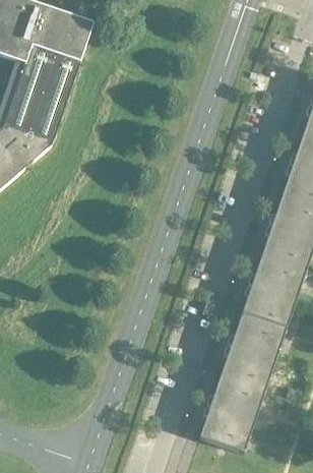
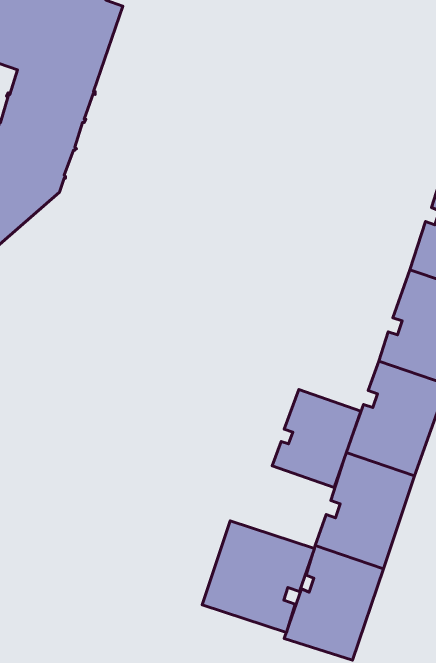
building: none -> [272,390,361,488]
building: none -> [202,521,314,632]

